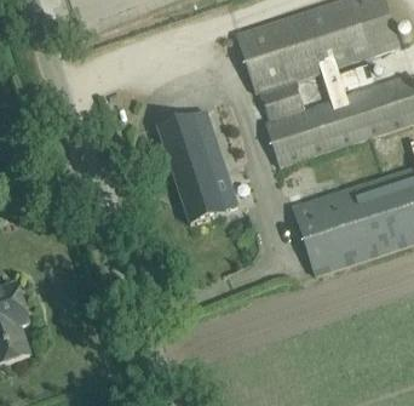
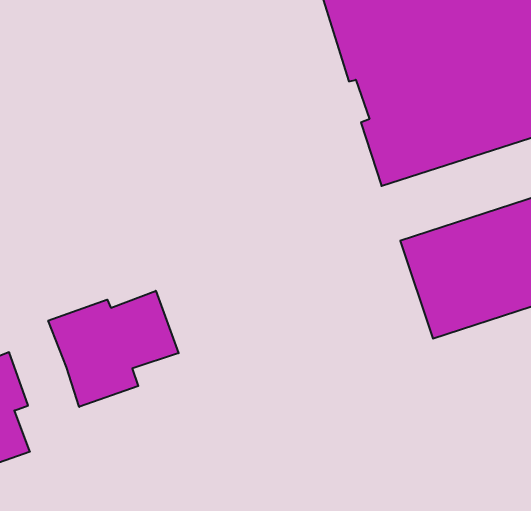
building: [157,109,238,224] -> none
building: none -> [48,291,179,407]

